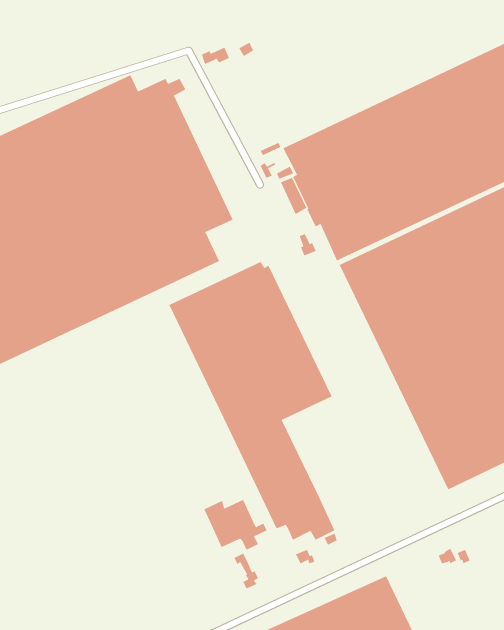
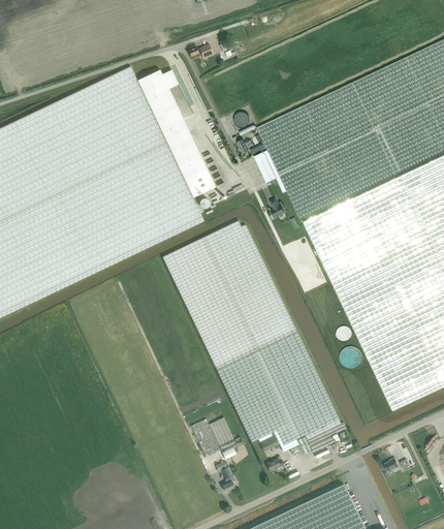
building: none -> [264,333,346,453]

